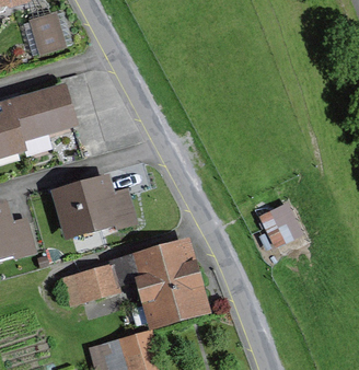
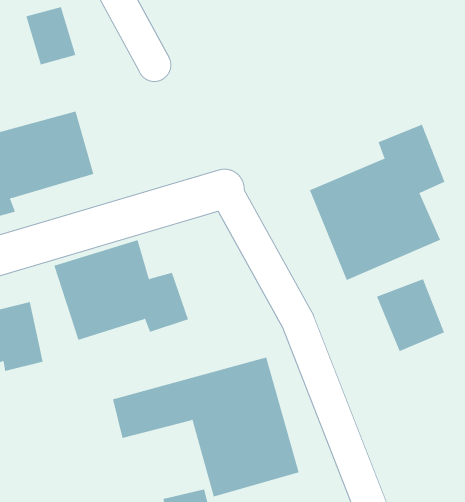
building: none -> [309,124,445,281]

